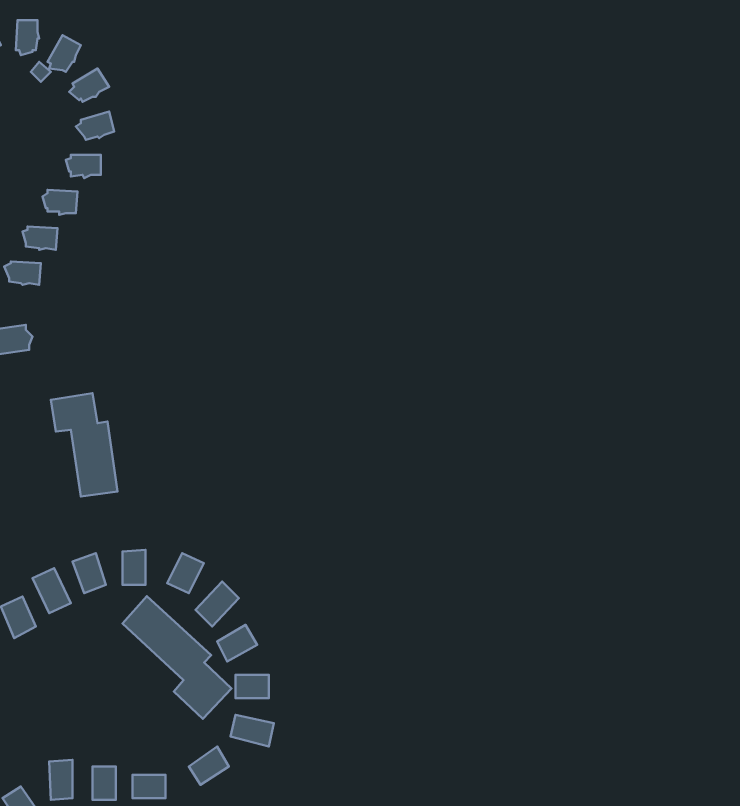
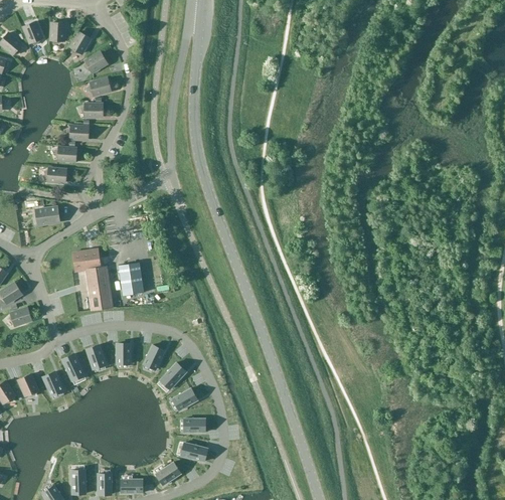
building: none -> [118,261,144,295]
building: [123,596,231,719] -> none

